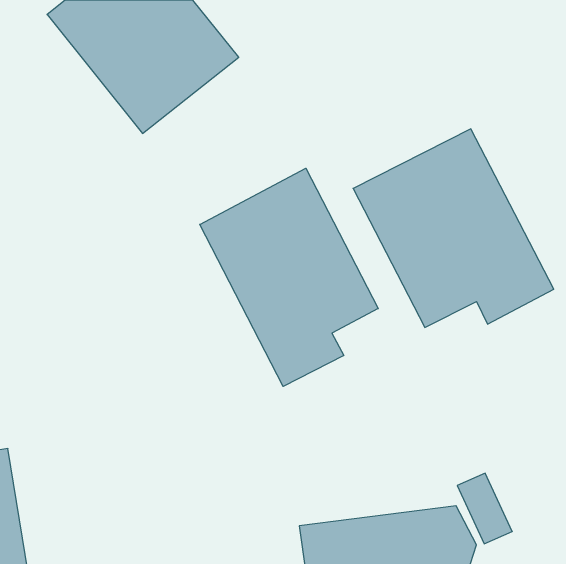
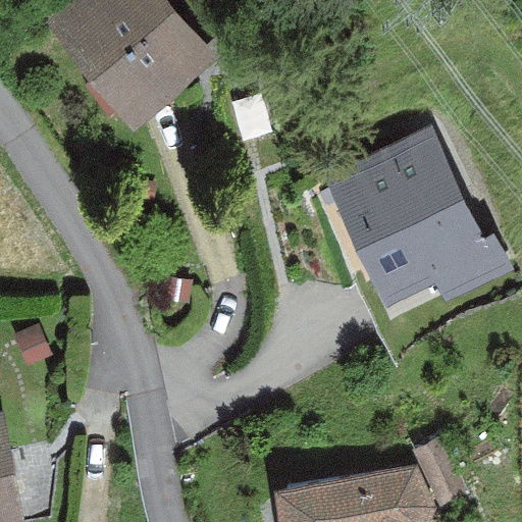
building: [200,168,378,386] -> none

